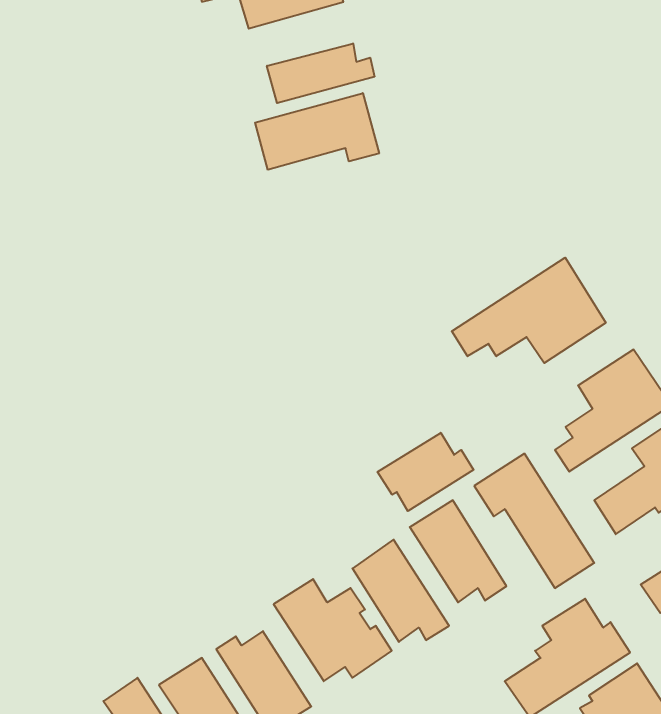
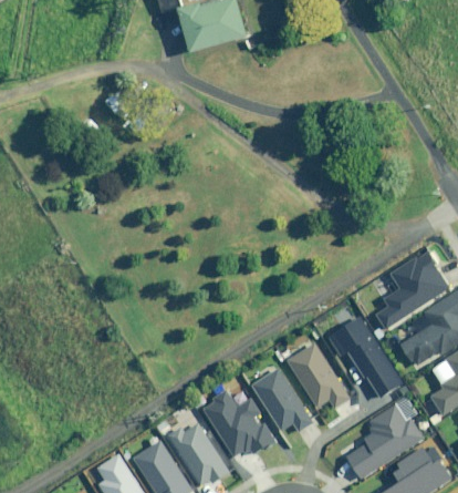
building: [267,43,374,103] -> none
building: [255,93,379,170] -> none
building: [452,258,606,363] -> none
building: [378,433,474,511] -> none

